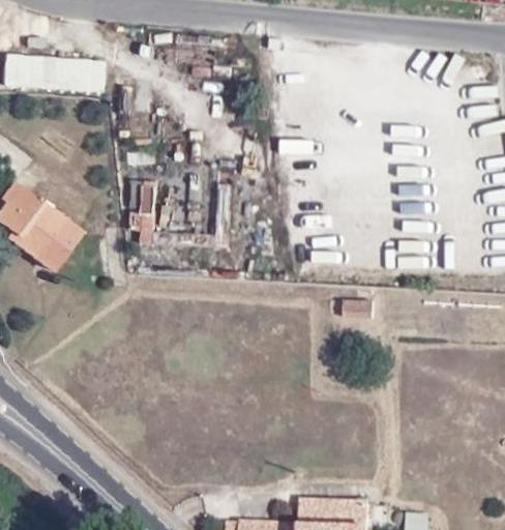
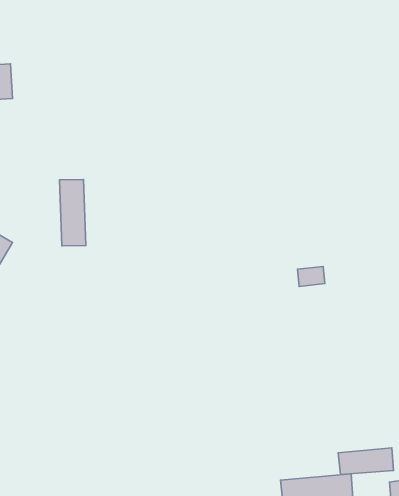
building: none -> [338,448,394,474]

